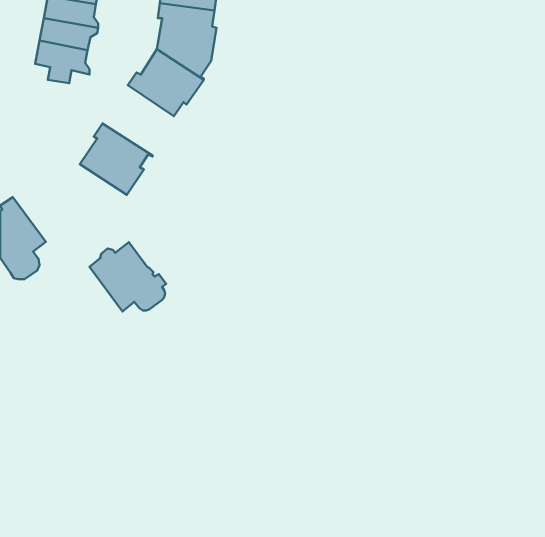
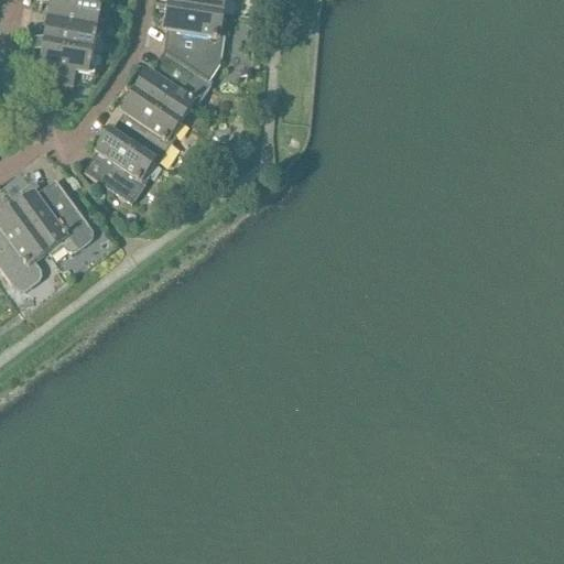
building: none -> [106,88,180,161]
building: [89,242,166,312] -> [13,178,93,250]

